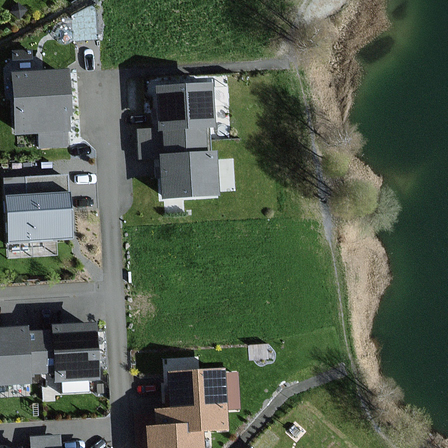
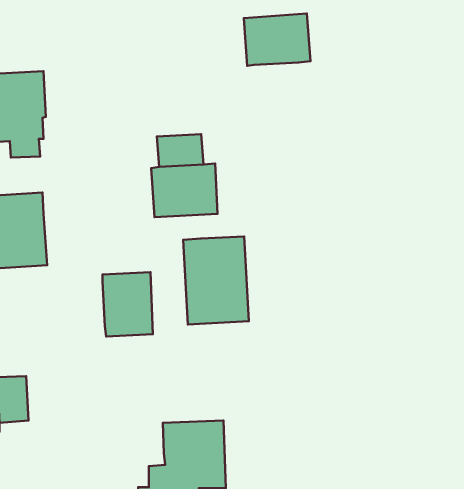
building: [156,84,213,129] -> [244,13,310,66]
building: none -> [183,237,249,325]
building: [53,325,96,380] -> [103,272,153,337]

